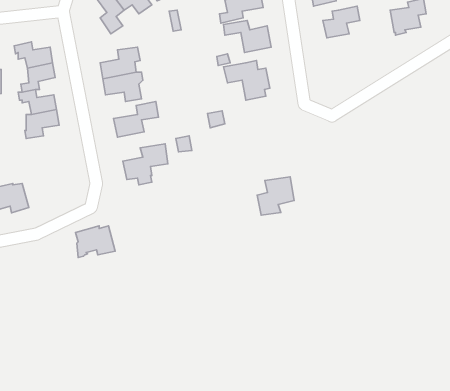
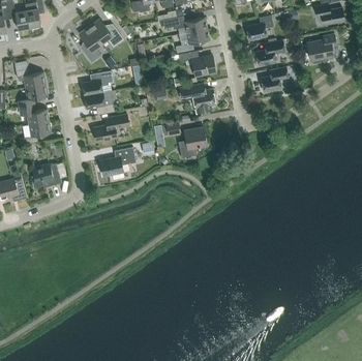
building: none -> [261,66,288,91]
building: [257,177,294,215] -> [177,126,206,156]
building: [75,226,115,258] -> [30,162,61,187]

